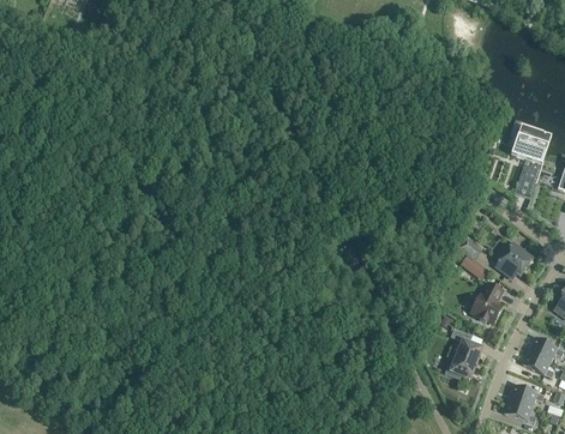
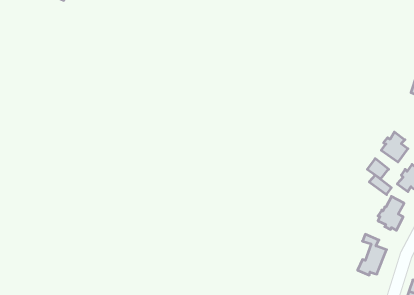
building: none -> [381,132,408,162]

